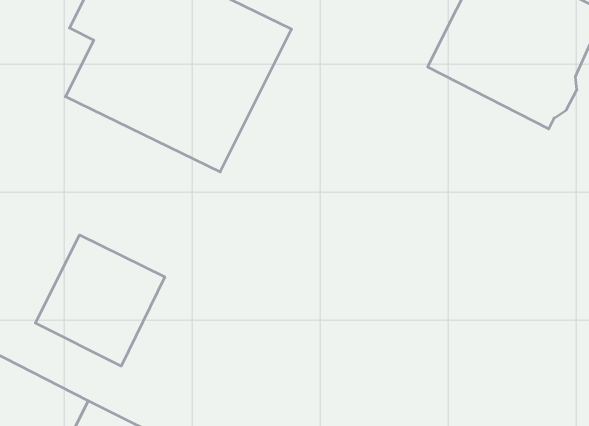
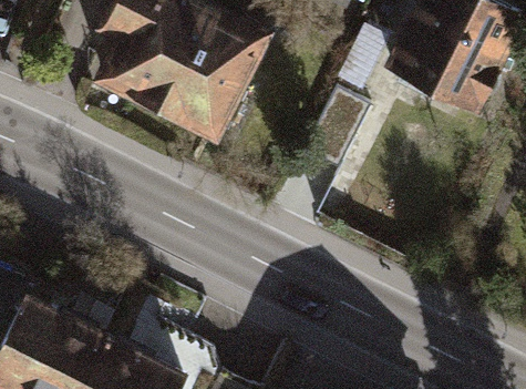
building: [35,235,165,366] -> none

